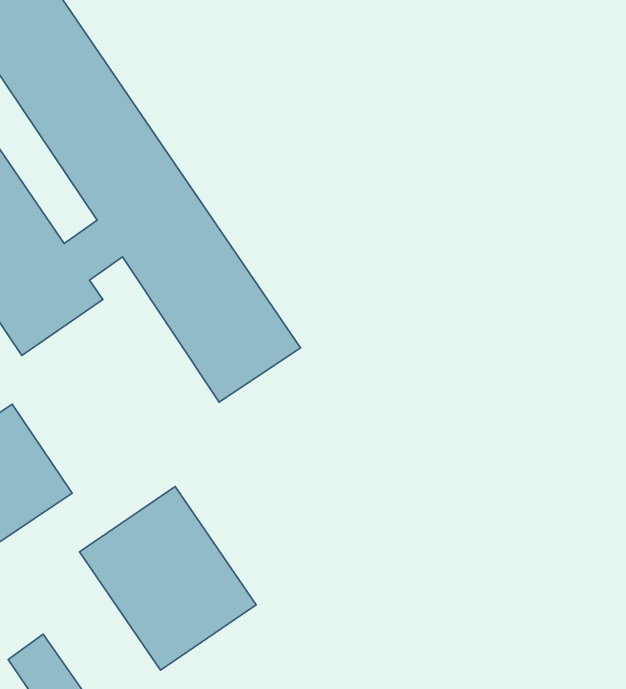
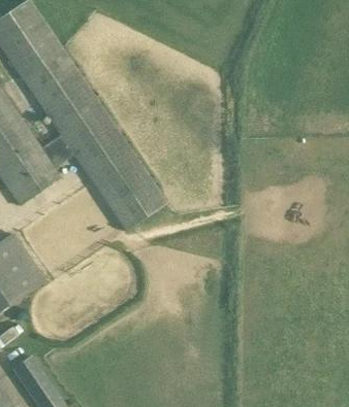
building: [80,486,256,670] -> none

